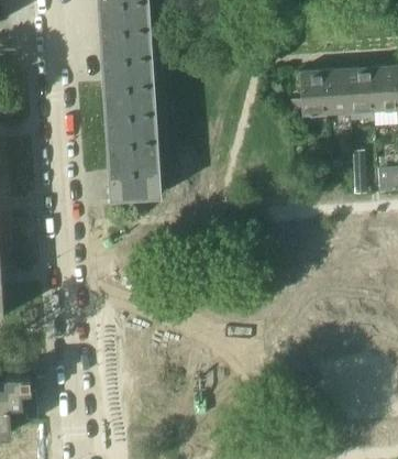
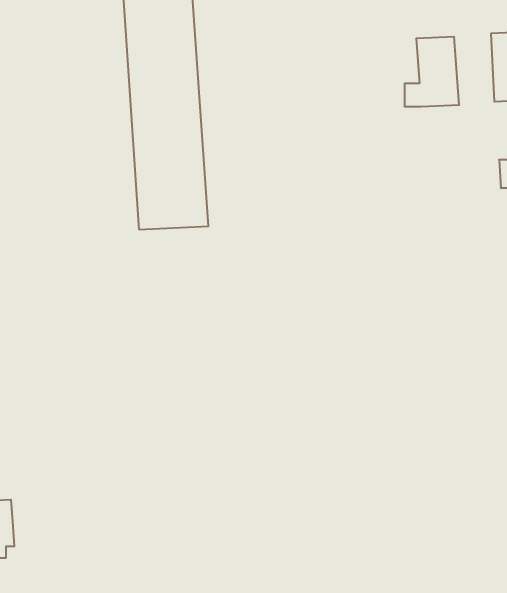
building: [323,68,350,116] -> none

